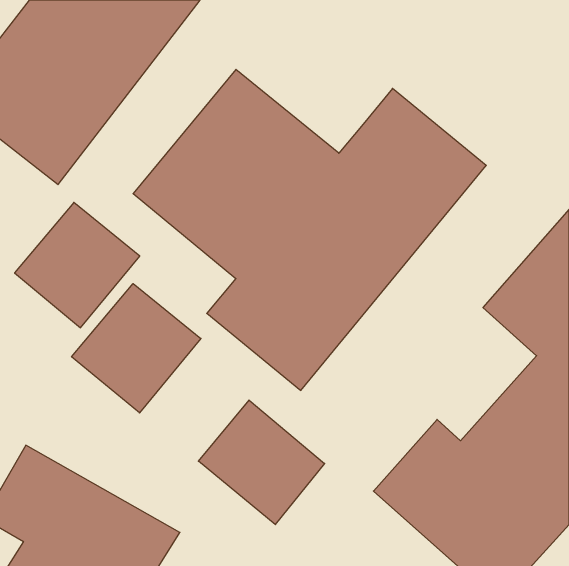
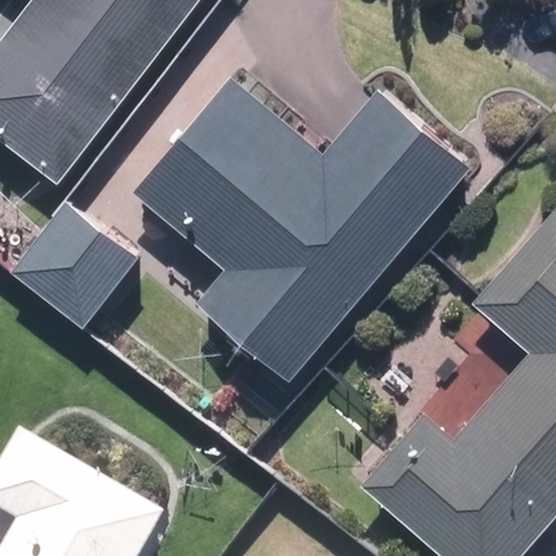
building: [72,284,201,413] -> none
building: [198,400,325,525] -> none

